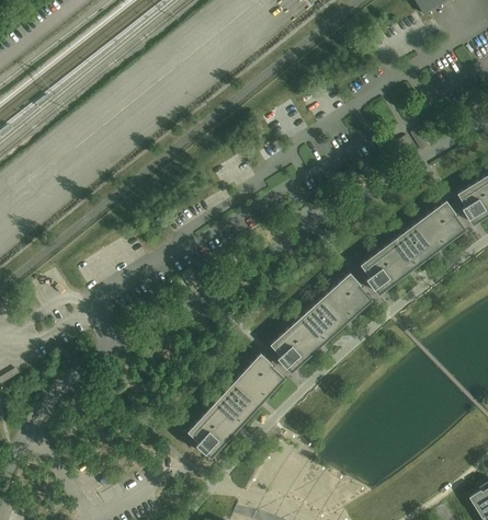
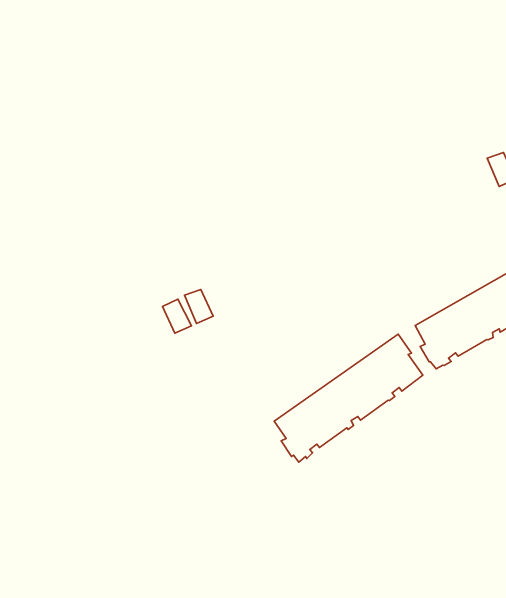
building: [188,353,284,457] -> none

